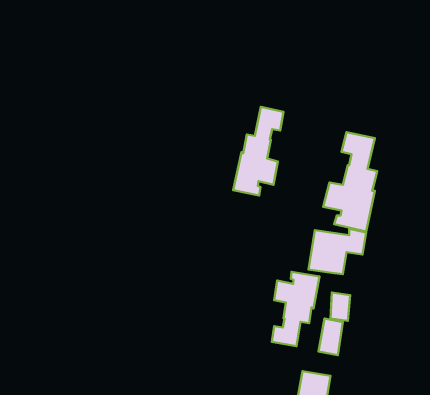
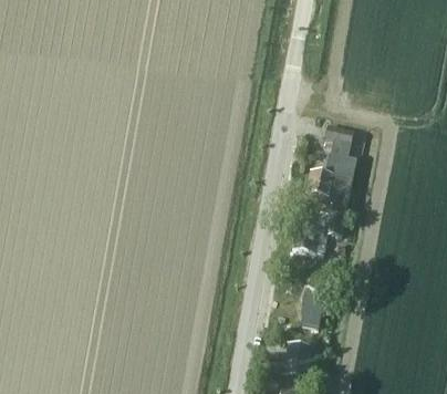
building: [233,107,284,196] -> none
building: [272,272,319,346] -> none

